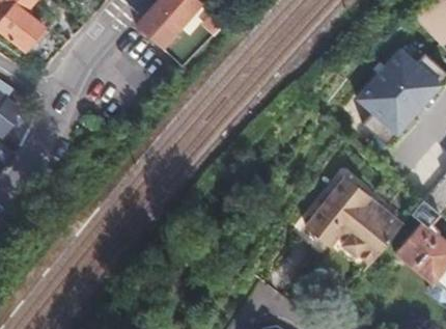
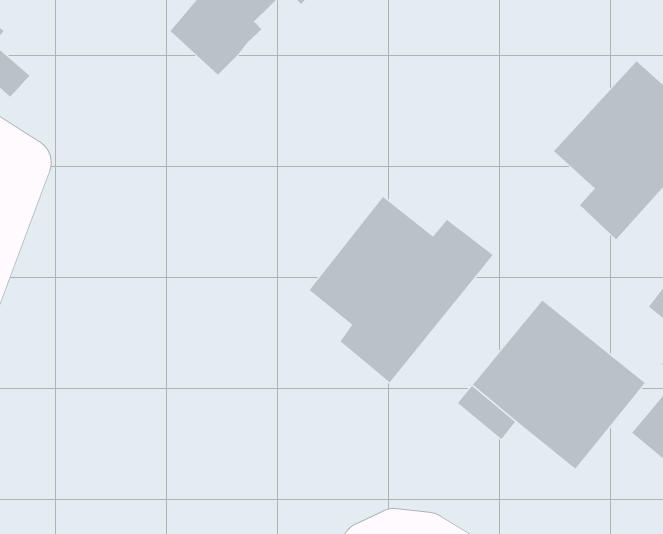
building: none -> [309,196,494,383]

